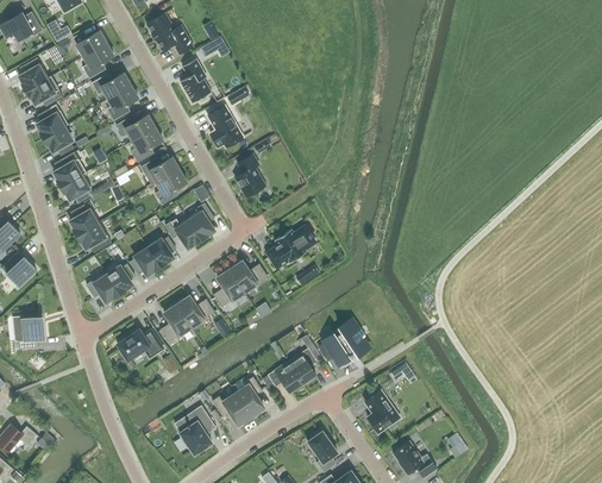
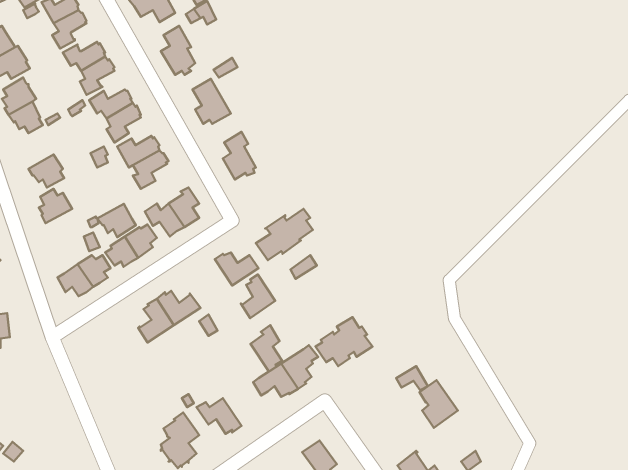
building: [54,152,86,187] -> none
building: [76,222,111,252] -> [97,204,136,237]
building: [213,268,244,307] -> [241,274,275,318]
building: [117,330,163,359] -> none
building: [236,376,264,418] -> [250,325,282,372]
building: [365,390,400,433] -> [419,380,458,428]

